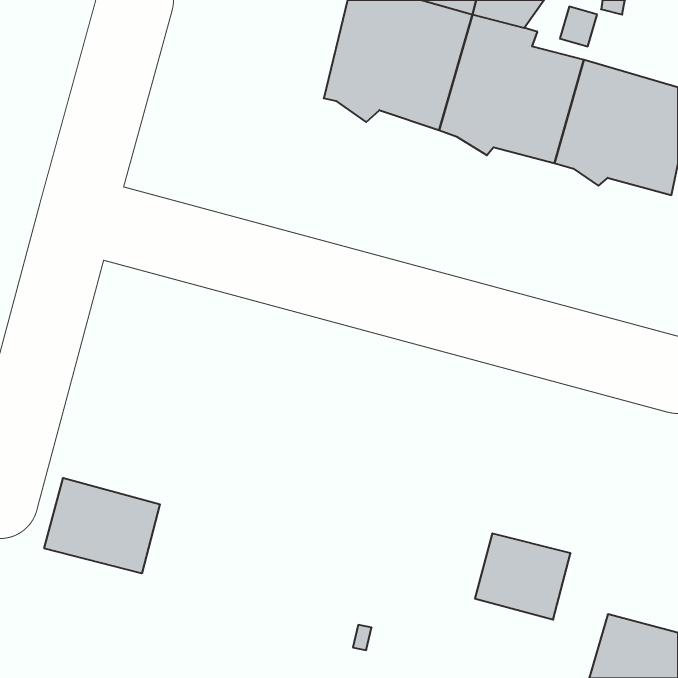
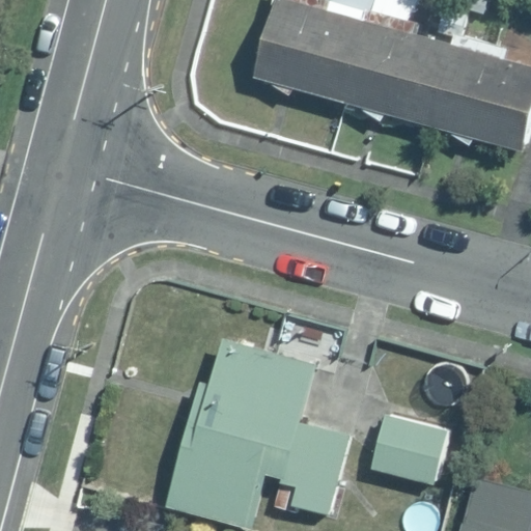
building: none -> [170,339,348,526]
building: [44,478,160,573] -> none

